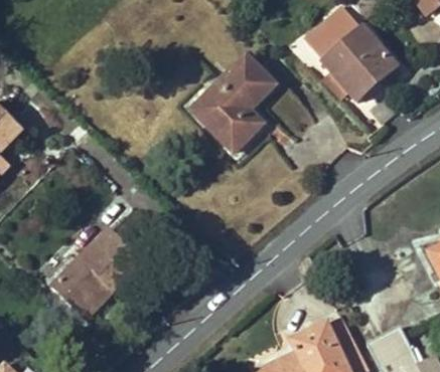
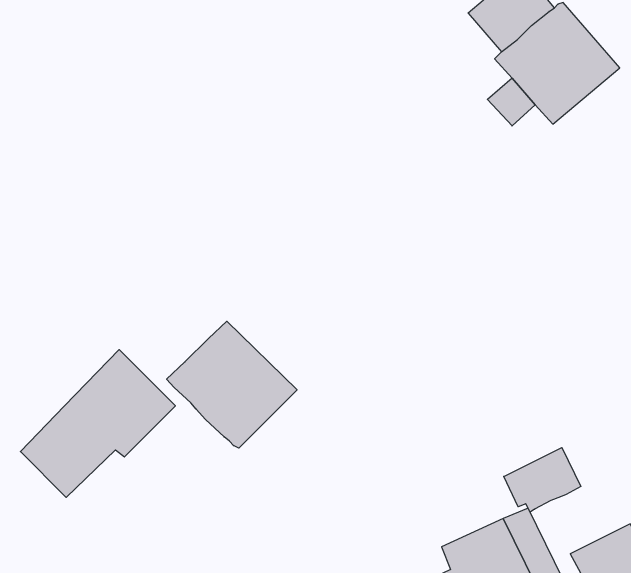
building: [191,57,273,151] -> none
building: none -> [167,321,297,448]
building: none -> [504,448,581,512]

